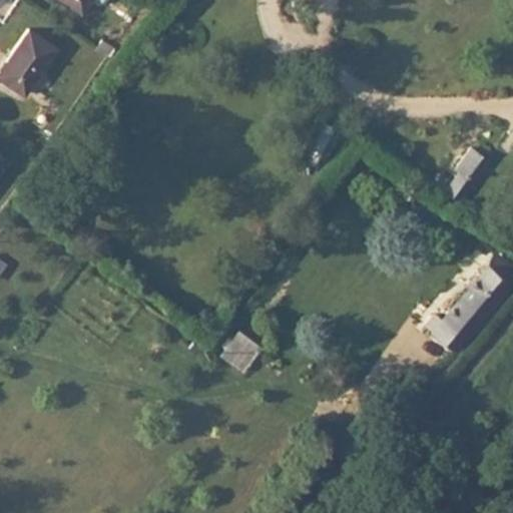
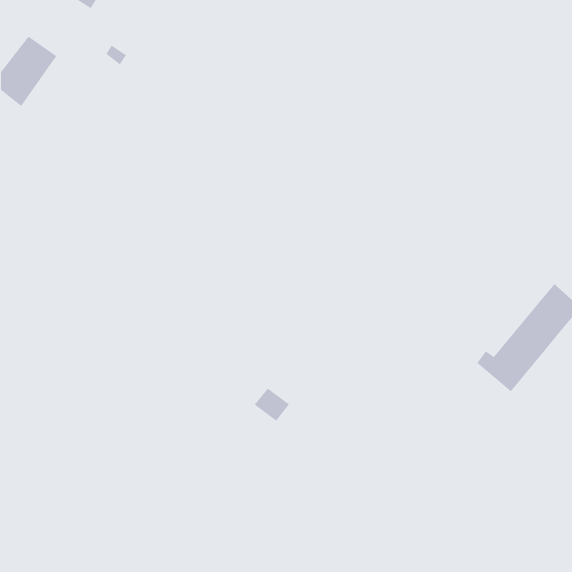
building: [443,146,490,207] -> none

